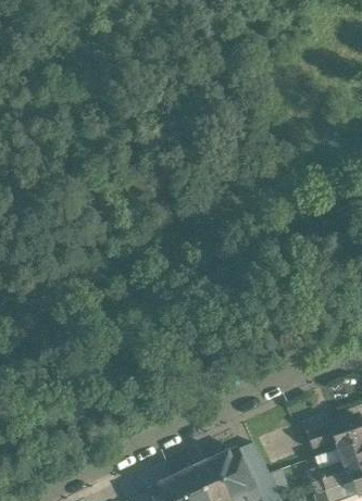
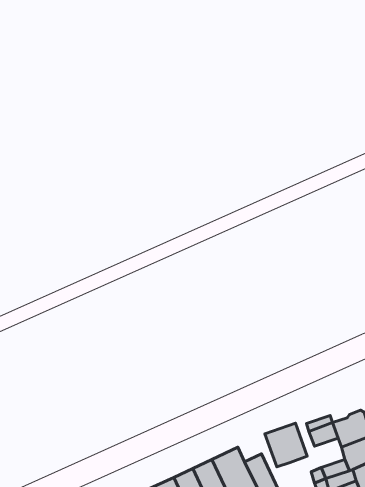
building: none -> [265,423,307,467]

